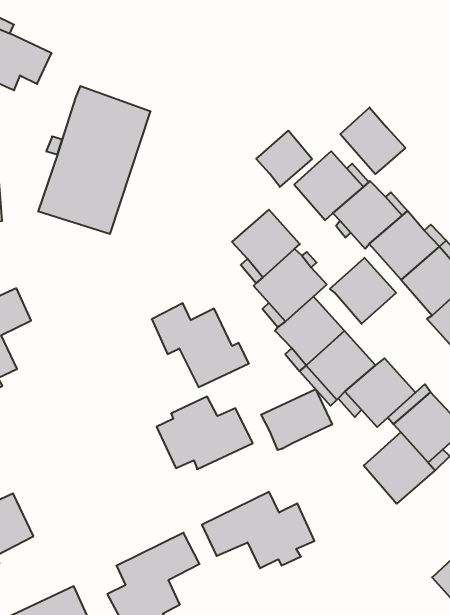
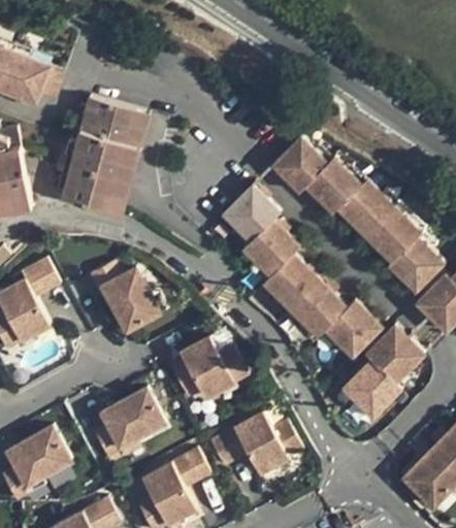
building: [340,107,405,174] -> none
building: [256,131,312,187] -> none
building: [330,258,396,324] -> none
building: [152,303,249,387] -> [87,263,168,331]
building: [261,389,332,450] -> none
building: none -> [93,391,167,461]

